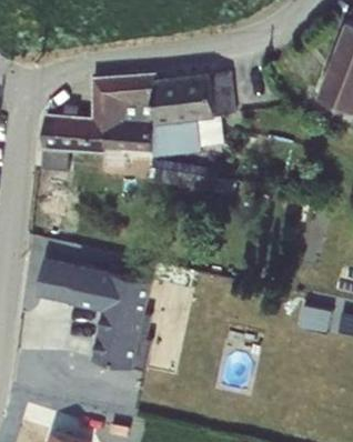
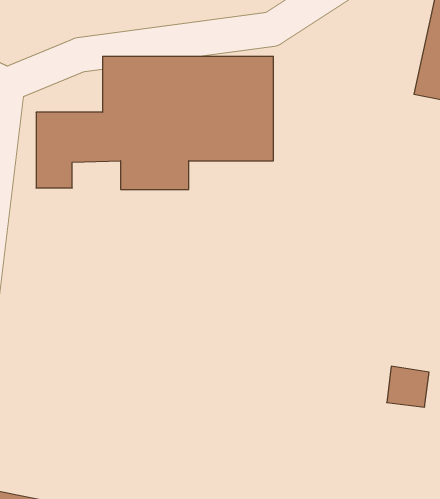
building: [37,249,161,375] -> none

